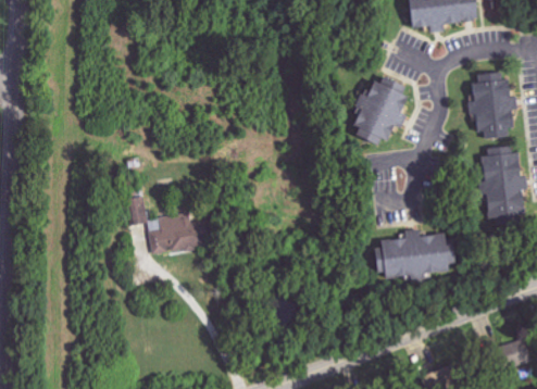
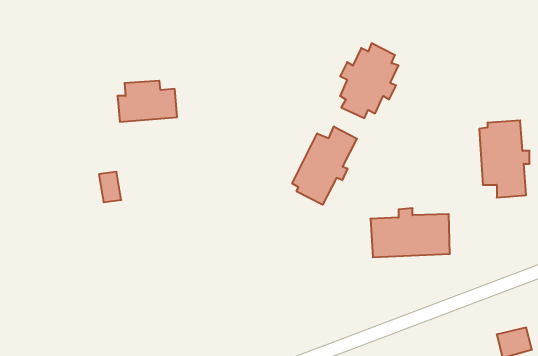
building: [470,71,517,138] -> none
building: none -> [292,126,357,205]
building: [151,214,207,252] -> [117,81,177,122]

